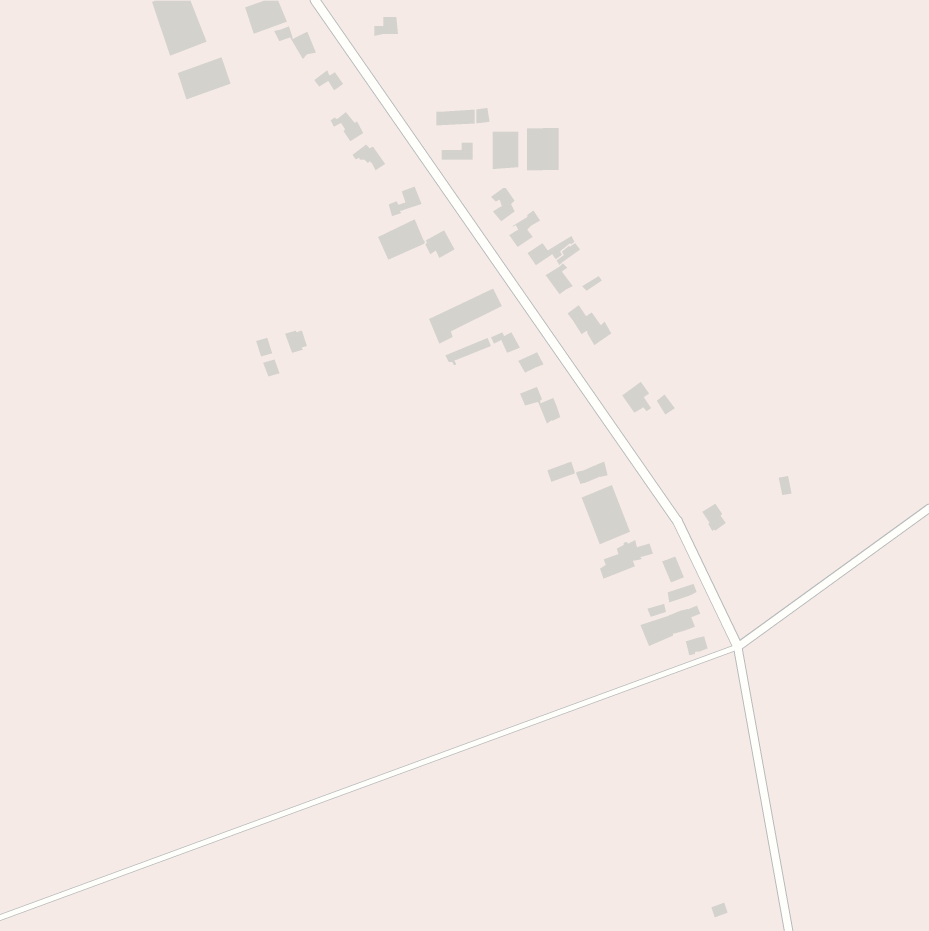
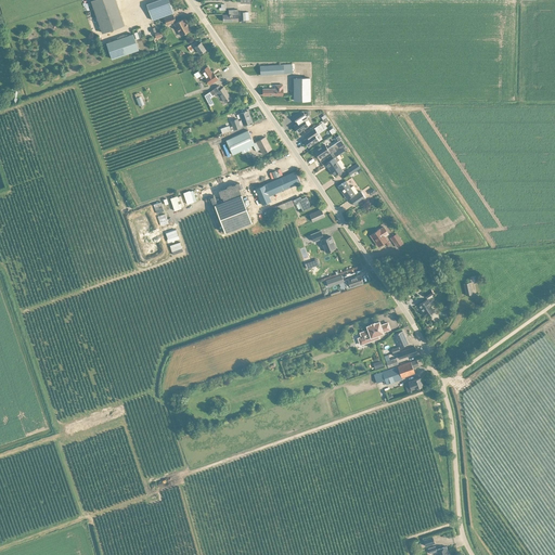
building: [527,127,559,171] -> none
building: none -> [214,194,250,233]
building: [581,484,631,545] -> none

